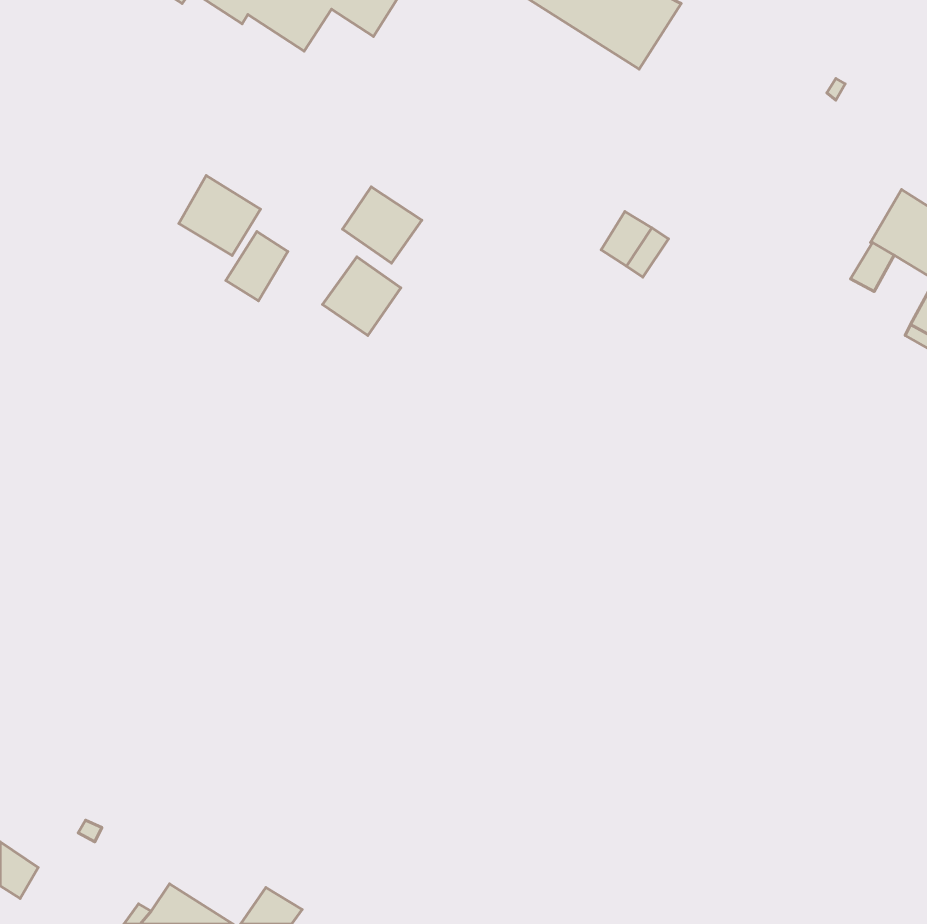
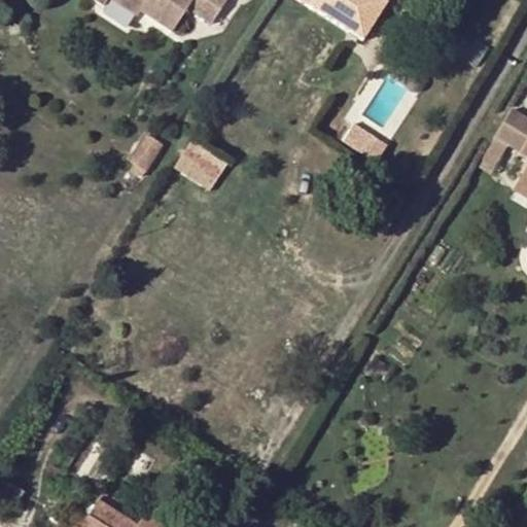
building: [179,175,260,255] -> none
building: [342,187,422,263] -> none

